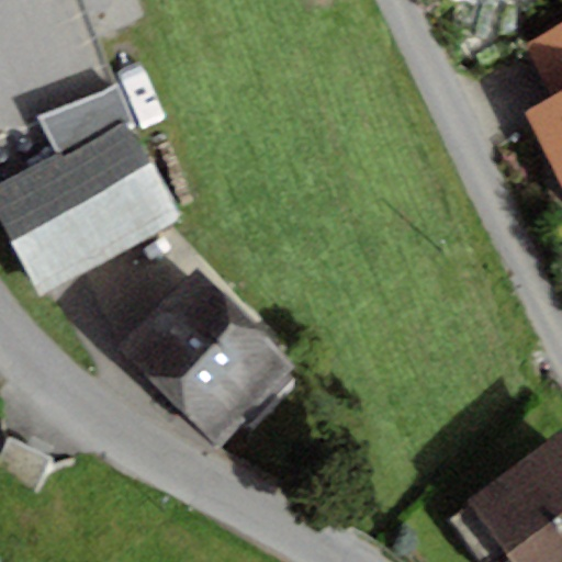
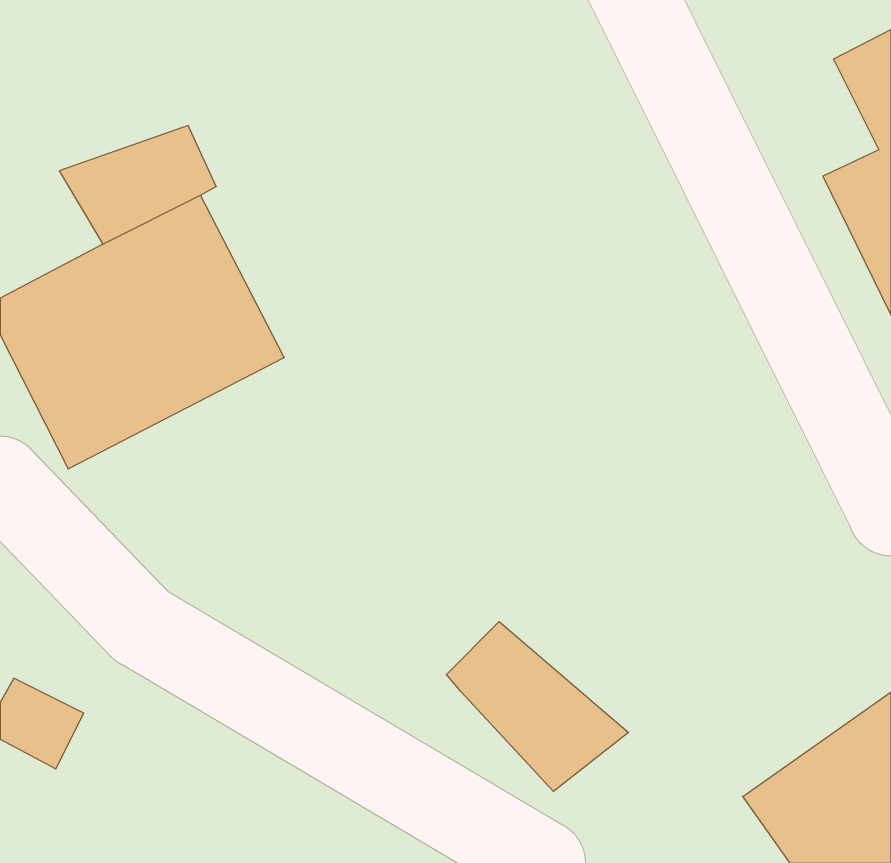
building: [124,276,300,452] -> none
building: none -> [446,622,628,791]

